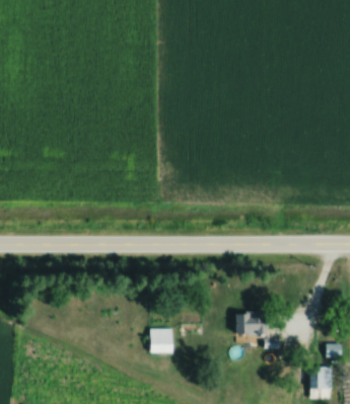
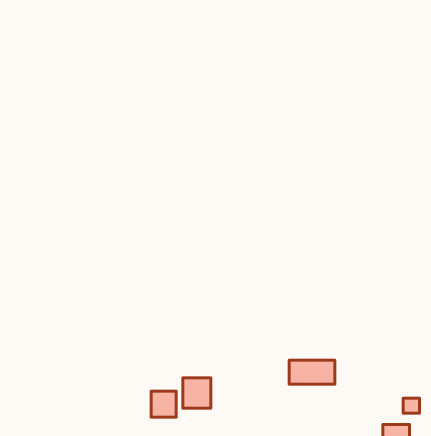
building: none -> [151,391,176,417]

